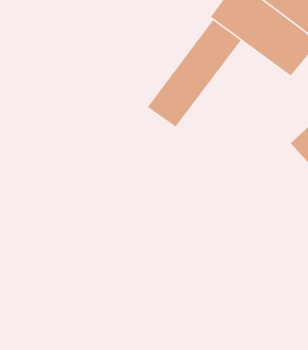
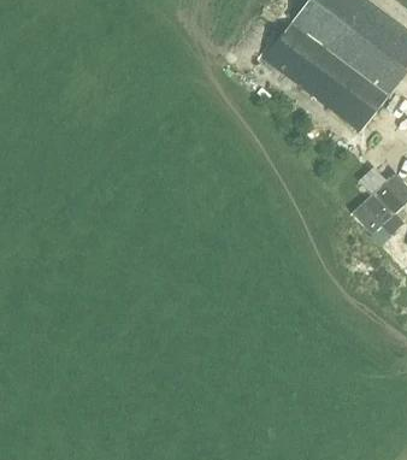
building: [147,19,242,127] -> none

